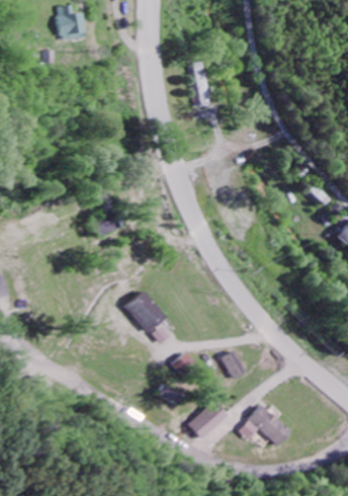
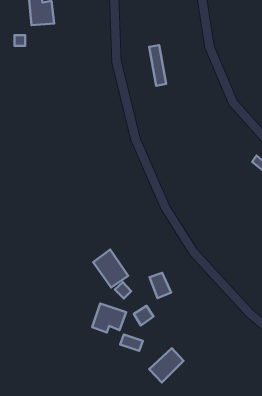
building: none -> [92,304,126,333]
building: [222,350,246,379] -> [149,273,171,298]
building: [242,405,294,444] -> none

